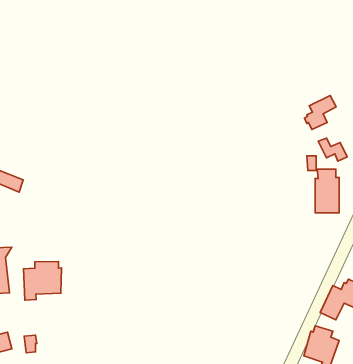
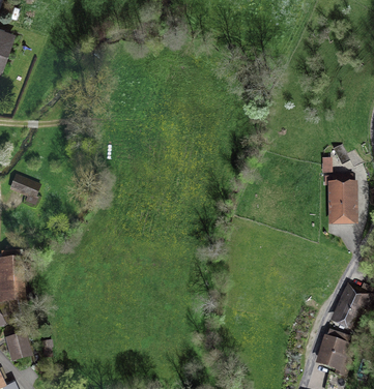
building: [304,95,336,129] -> none
building: [24,262,61,300] -> none

